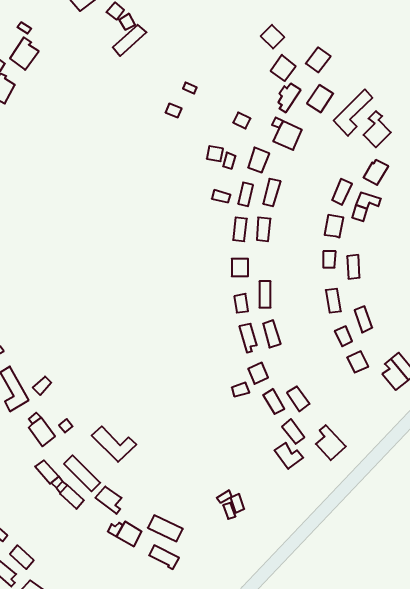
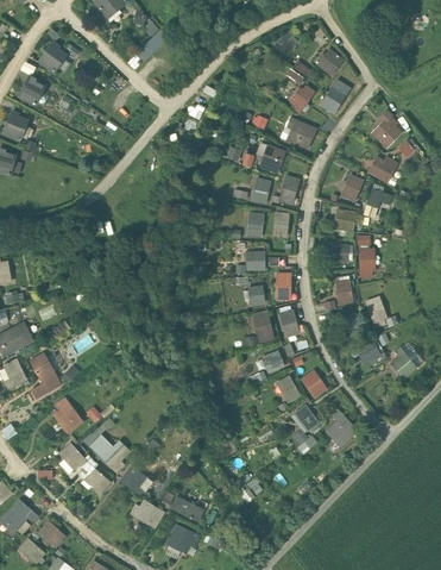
building: [334,89,372,136] -> none
building: [92,426,136,462] -> none

